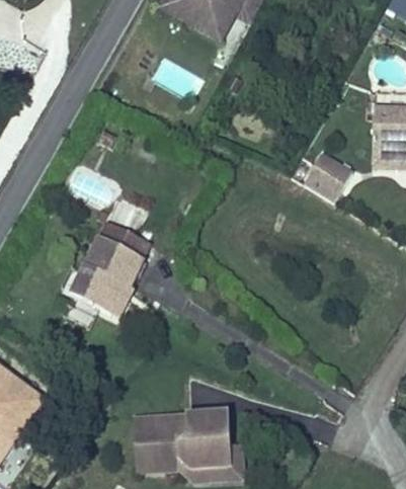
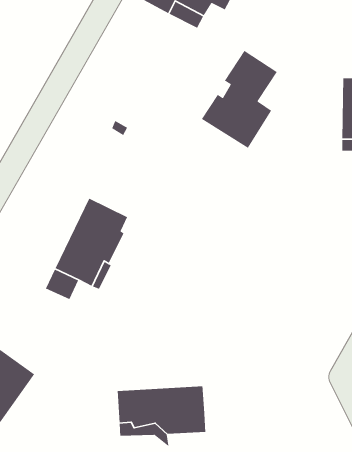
building: none -> [201,50,278,149]
building: [303,151,351,199] -> none
building: [188,443,242,480] -> none

